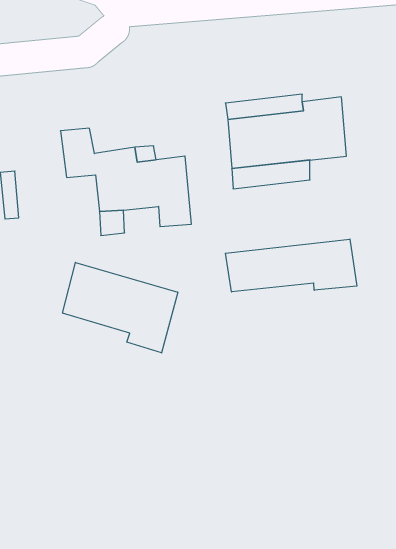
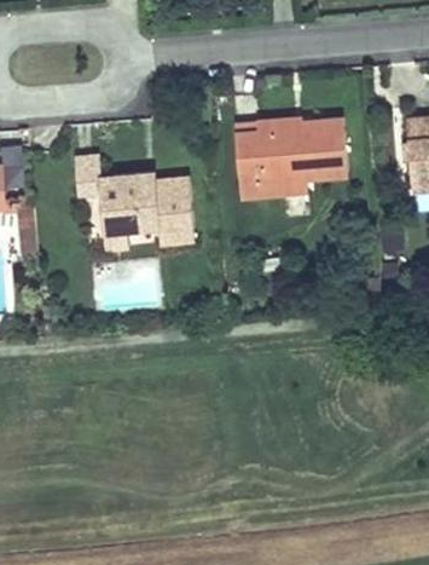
building: [225,239,357,292] -> none
building: [62,262,178,353] -> none

